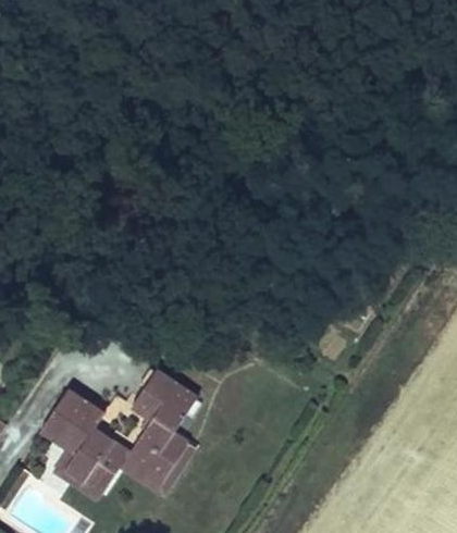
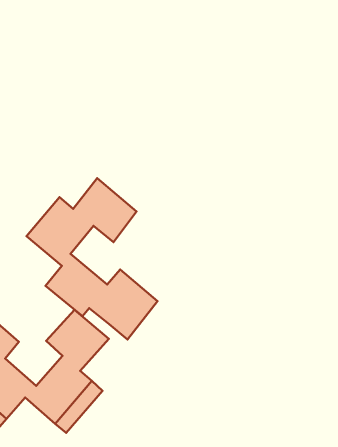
building: none -> [26,178,157,339]

